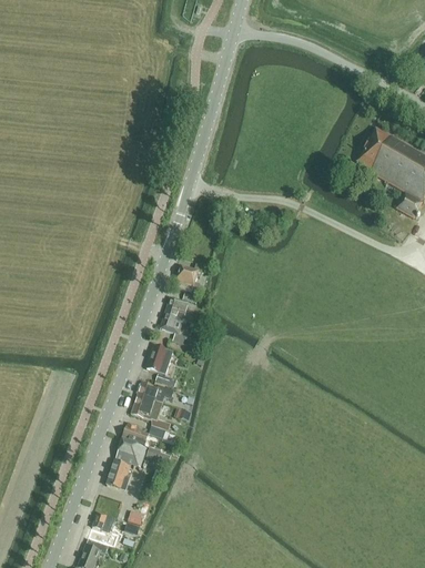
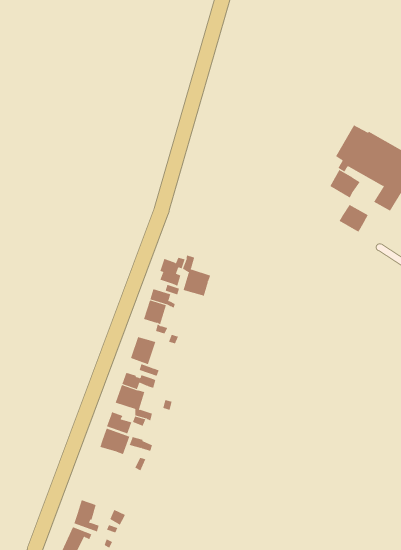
building: none -> [329,169,360,198]
building: none -> [339,204,368,233]
building: none -> [182,254,211,296]
building: [108,458,132,490] -> none

